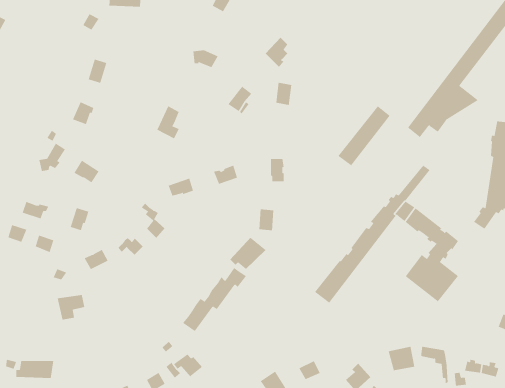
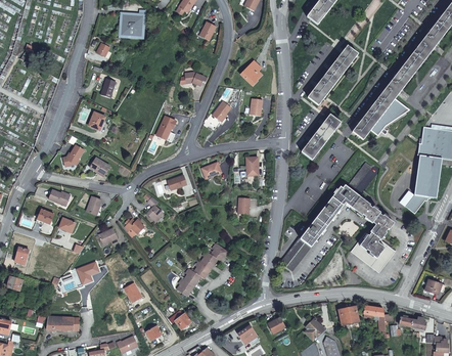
building: none -> [306,47,357,106]
building: [229,237,267,270] -> none

